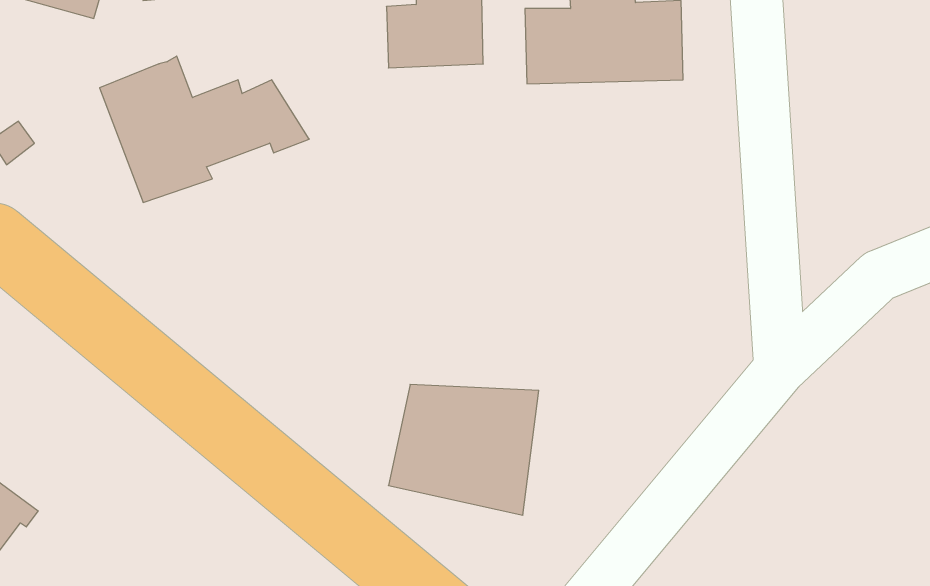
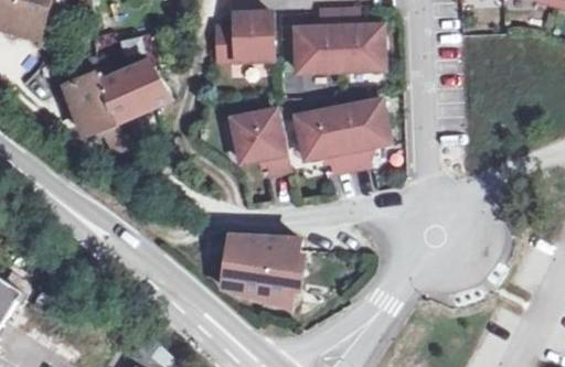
building: none -> [297,99,388,170]
building: none -> [232,108,285,162]

